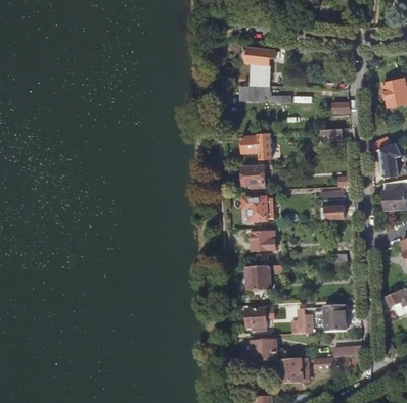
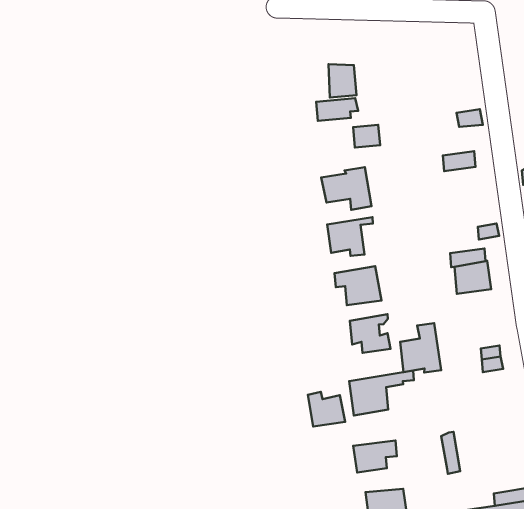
building: [240,47,275,65] -> none
building: none -> [400,323,441,373]
building: none -> [308,392,345,427]
building: [324,305,347,332] -> none

